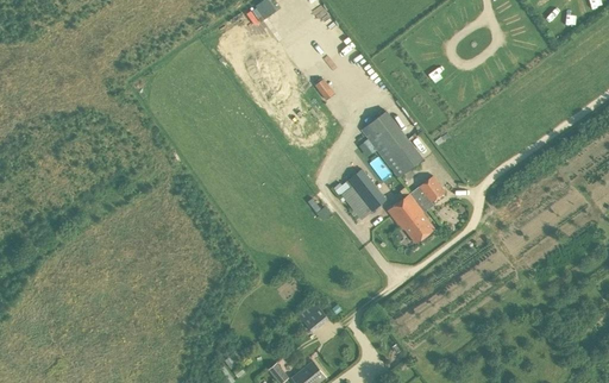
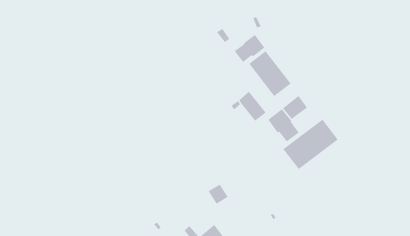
building: none -> [234,34,265,63]
building: none -> [283,119,339,170]

